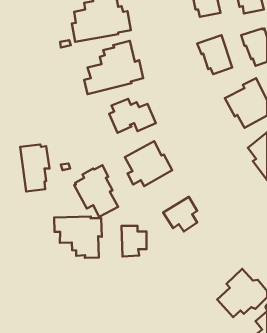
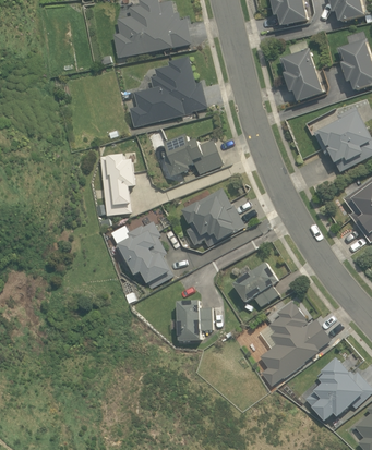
building: [20,144,49,192] -> [99,153,137,215]
building: [54,216,102,258] -> none
building: none -> [260,300,331,385]

